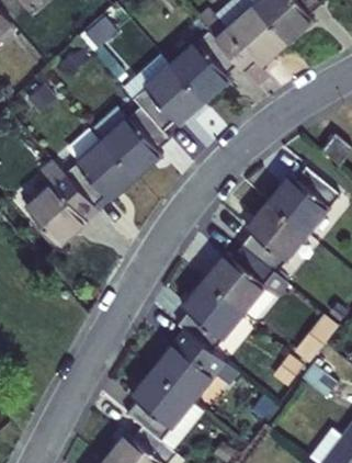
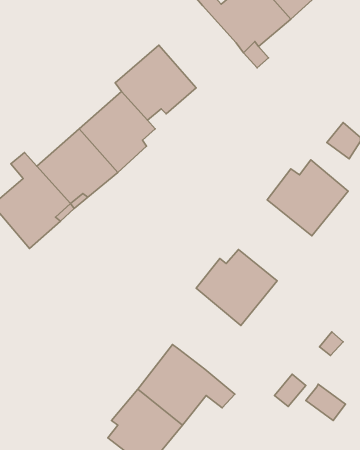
building: [171,31,239,103] -> none
building: [241,202,306,273] -> none
building: [178,280,243,351] -> none

